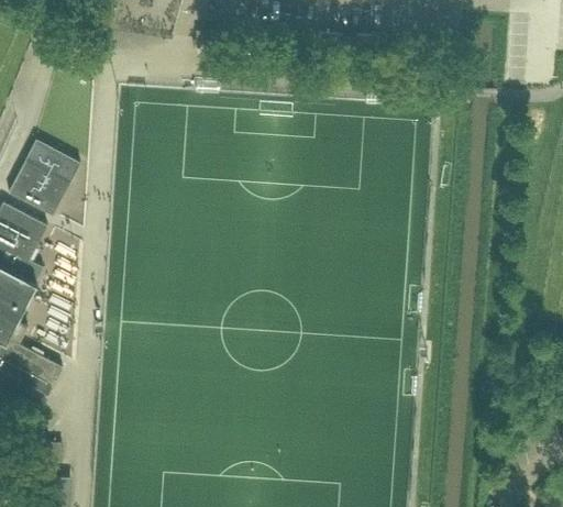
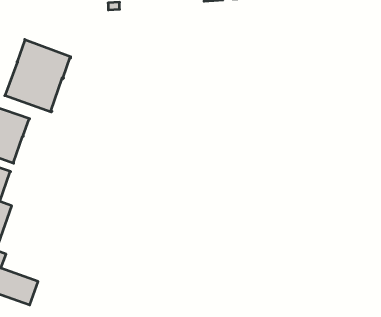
building: none -> [5,39,71,112]

